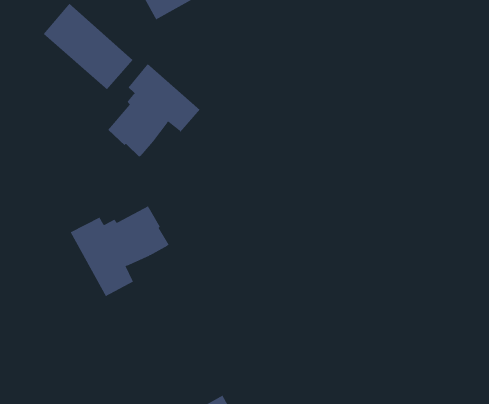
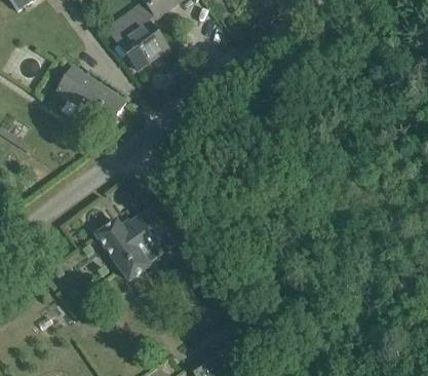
building: [108,63,200,158] -> none

